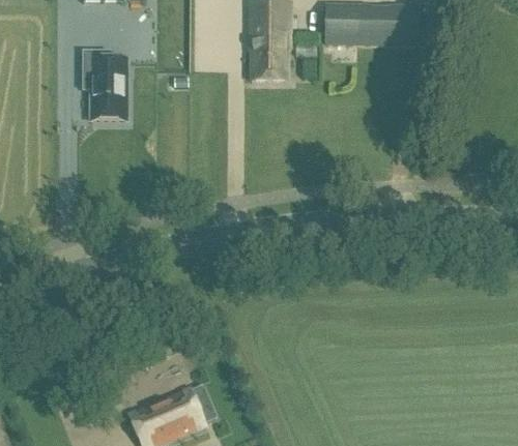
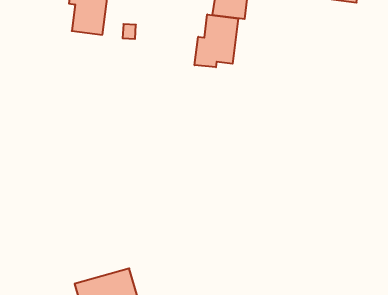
building: none -> [195,14,238,67]

